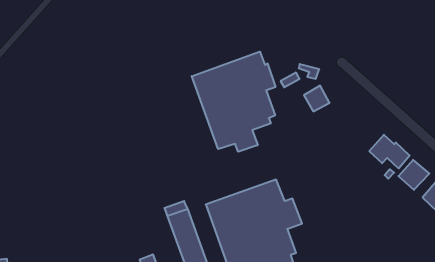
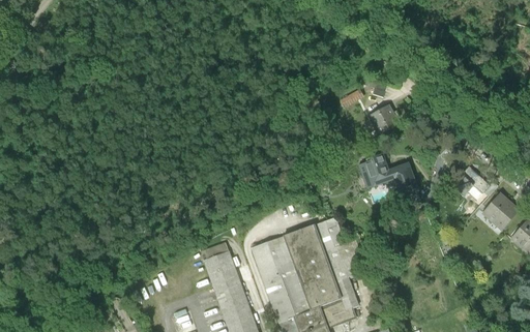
building: [192,52,275,152] -> none
building: none -> [358,153,417,197]

